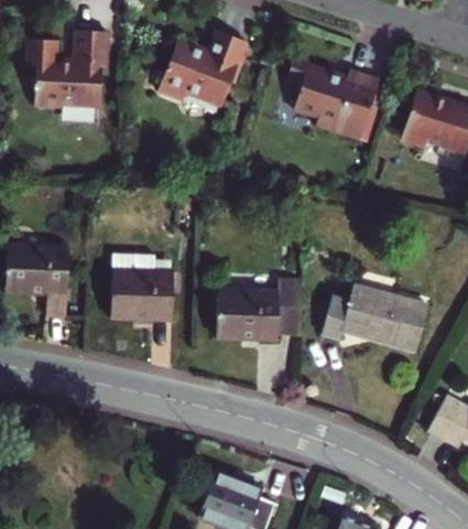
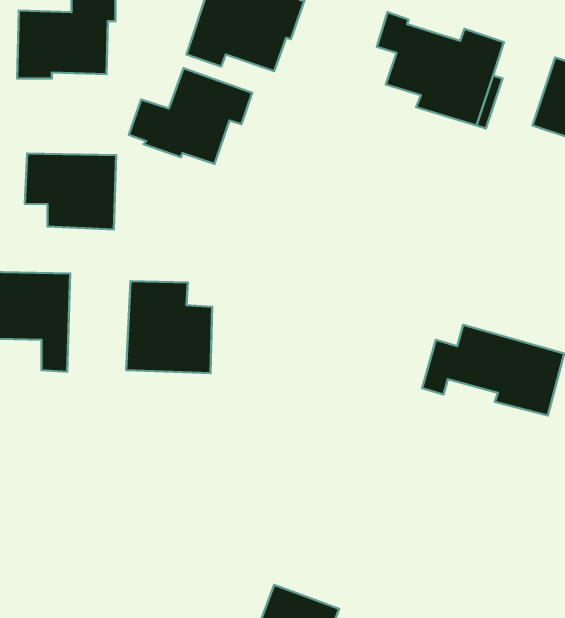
building: none -> [129,68,252,164]
building: none -> [25,154,116,229]
building: [214,276,300,338] -> none

